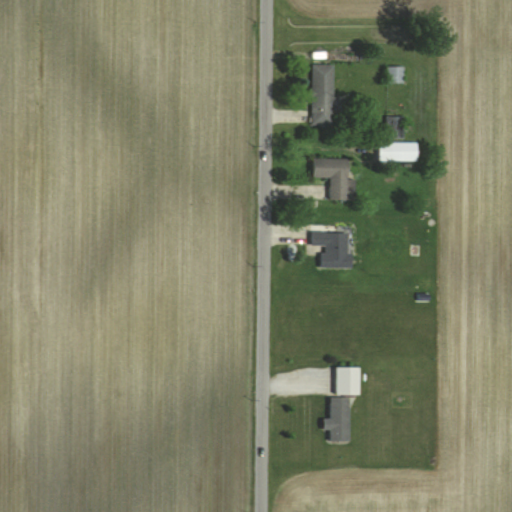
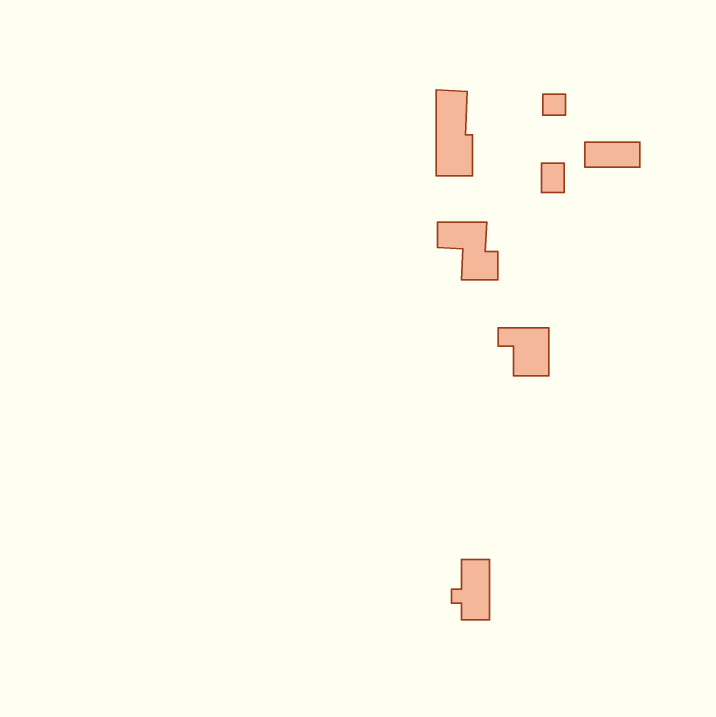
building: [379,142,418,160] -> [585,142,640,167]
building: [312,232,348,266] -> [498,328,549,376]
building: [335,368,359,395] -> none

